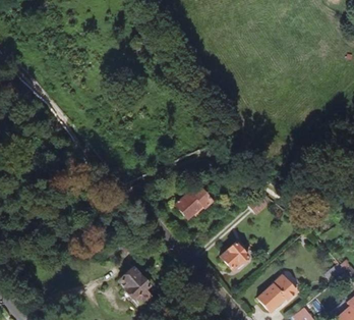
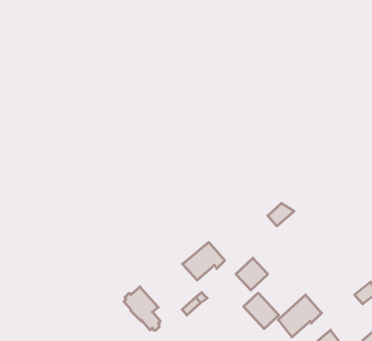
building: [174,185,212,219] -> [182,242,225,280]
building: none -> [244,293,279,329]

